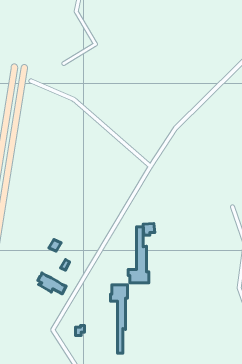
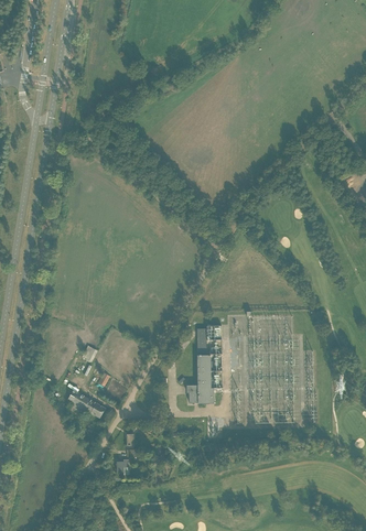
building: [111,285,127,353] -> none

